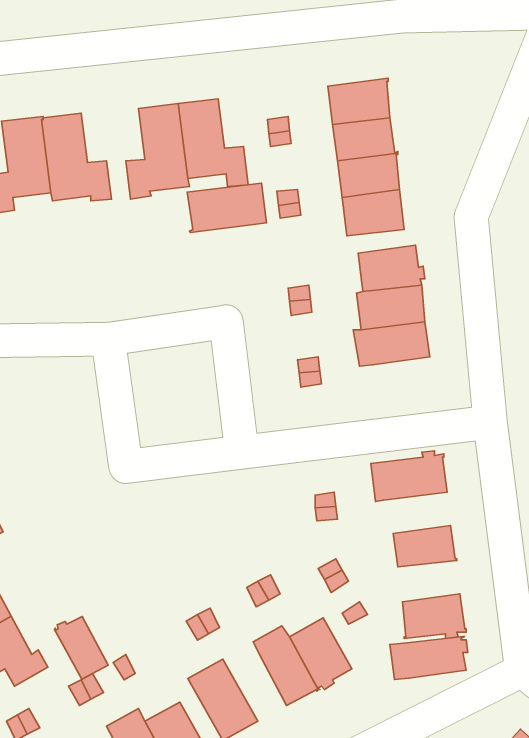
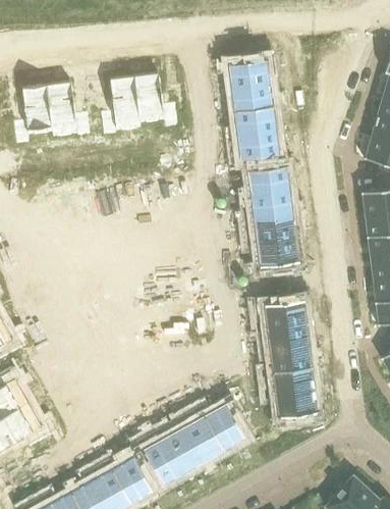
building: [187,183,266,233] -> none
building: none -> [258,238,299,268]
building: none -> [265,324,308,351]
building: [55,617,108,679] -> none
building: [390,637,468,680] -> [265,368,315,396]
building: none -> [166,428,203,471]

